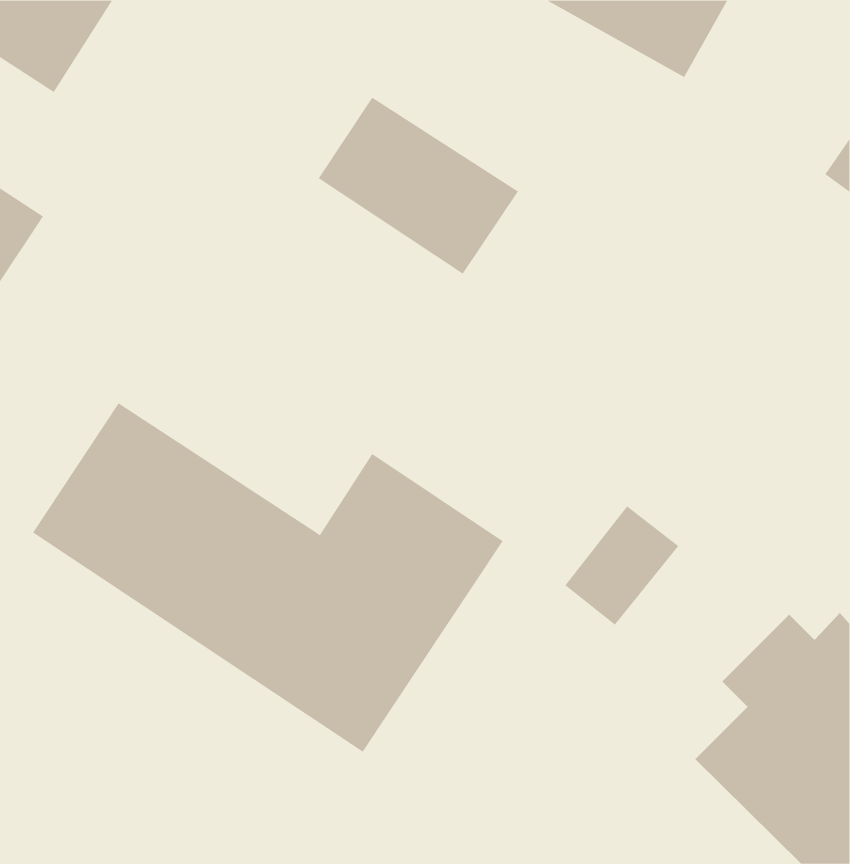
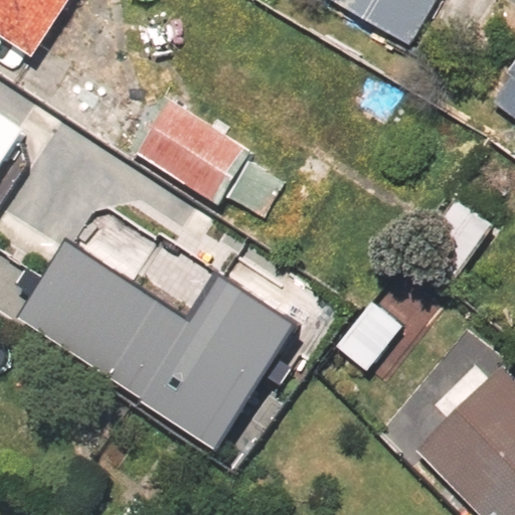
building: [318,97,519,274] -> [132,99,251,204]

